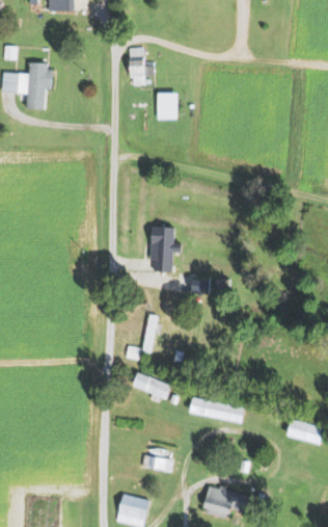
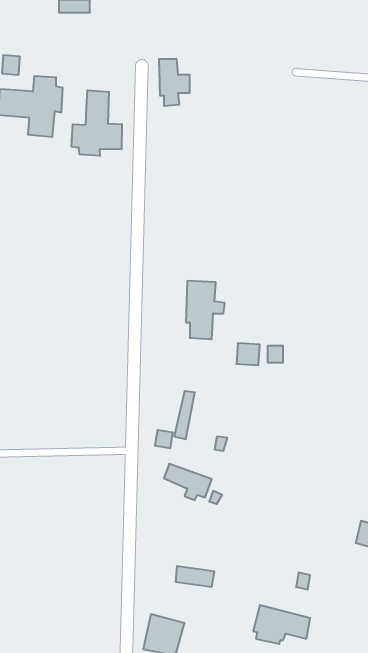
building: none -> [71,90,122,156]
building: [157,91,177,113] -> none
building: [189,396,244,423] -> none

